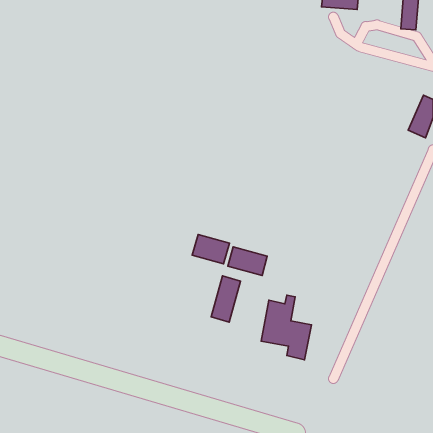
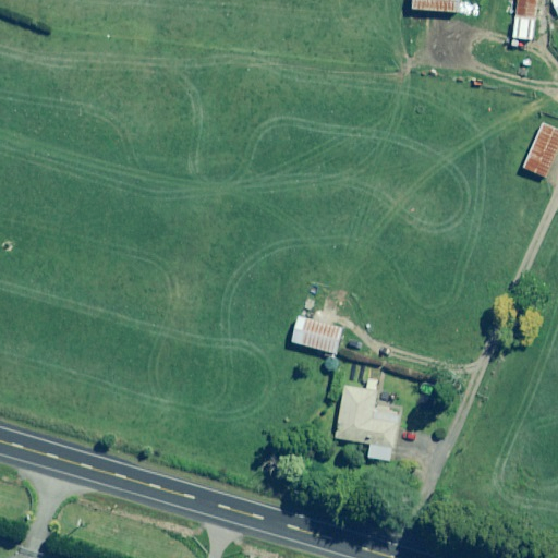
building: [192,234,230,264] -> none
building: [211,276,240,322] -> none

